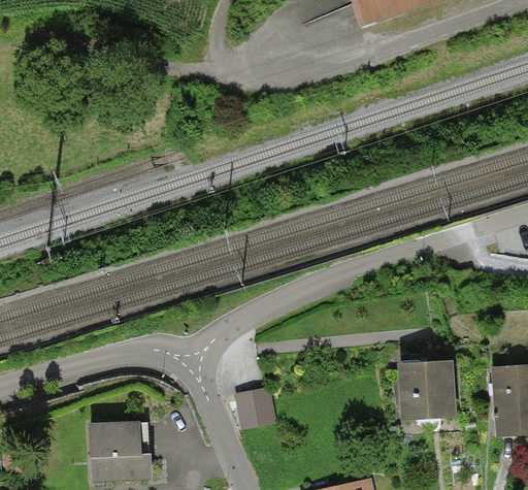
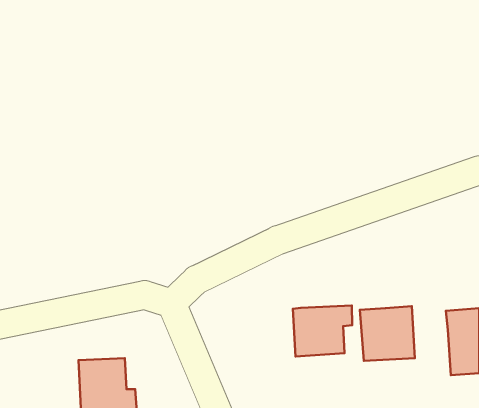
building: none -> [293,305,352,356]
building: [236,387,276,428] -> none

